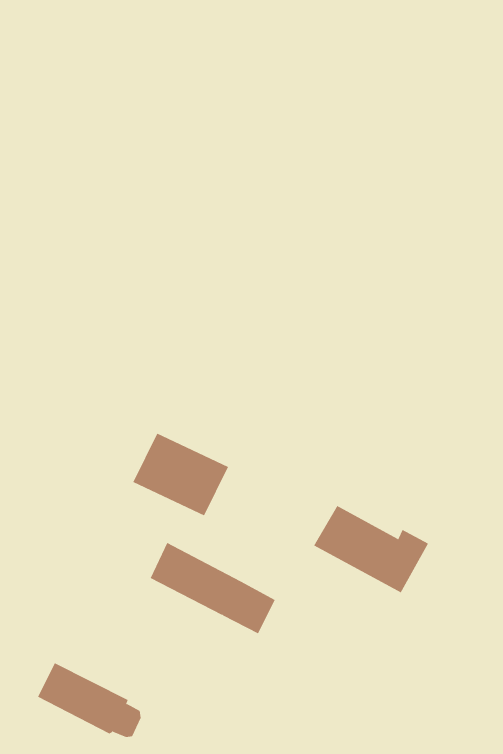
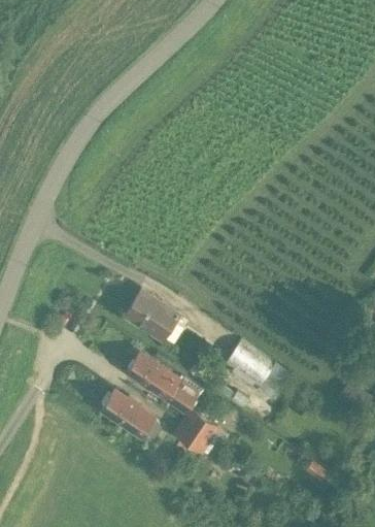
building: none -> [175,408,219,451]
building: [37,663,141,738] -> [102,390,161,438]

